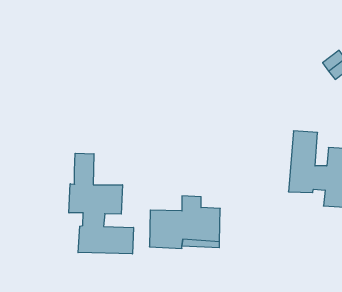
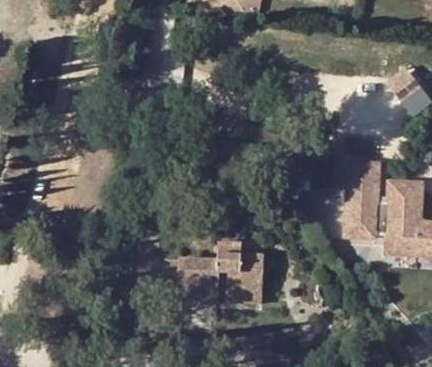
building: [69,153,133,254] -> none

